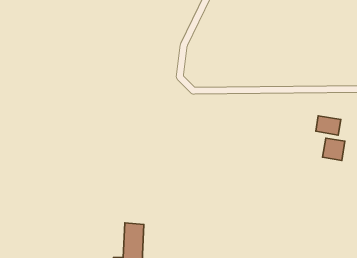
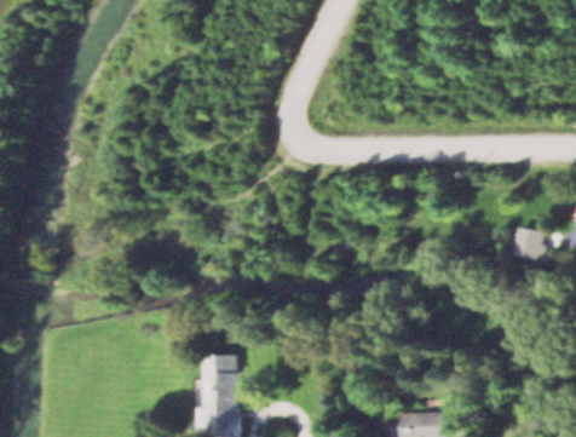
building: [316,116,341,135] -> none

